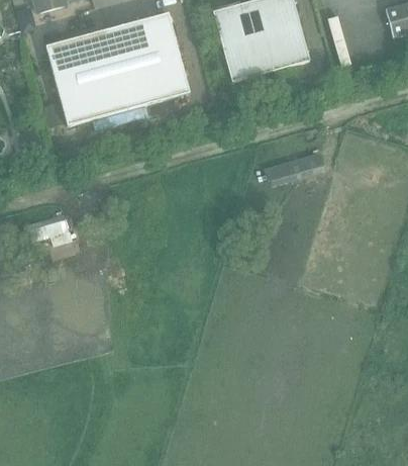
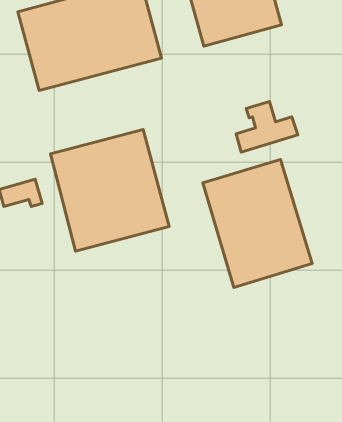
building: none -> [51,130,169,251]
building: none -> [203,159,312,287]

